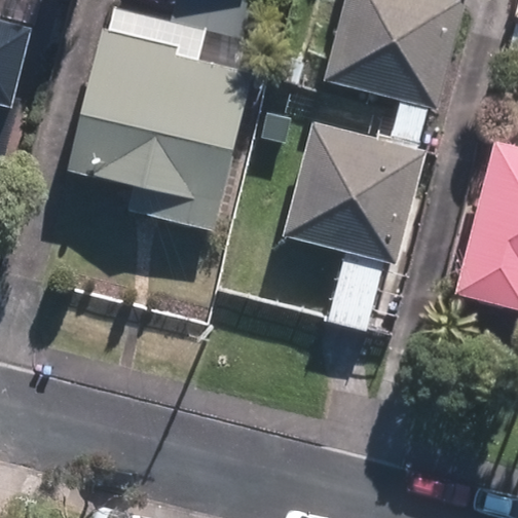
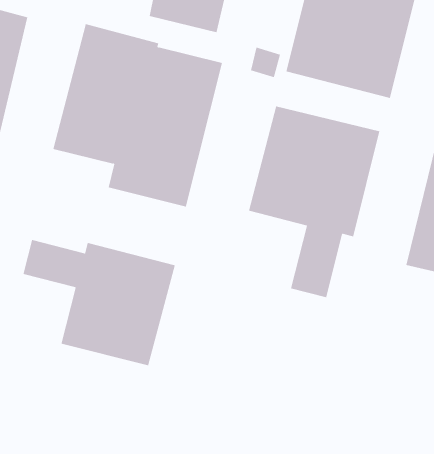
building: none -> [23,239,175,366]

